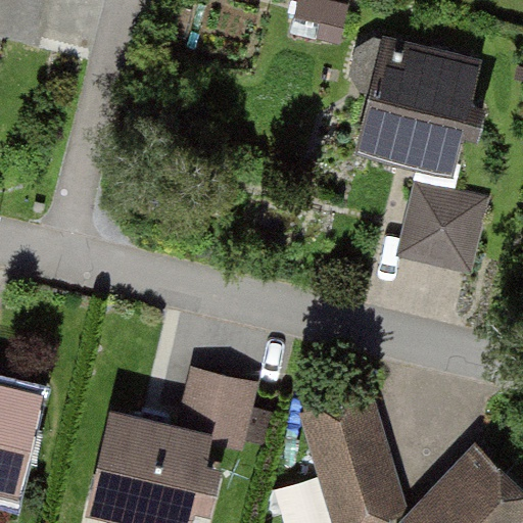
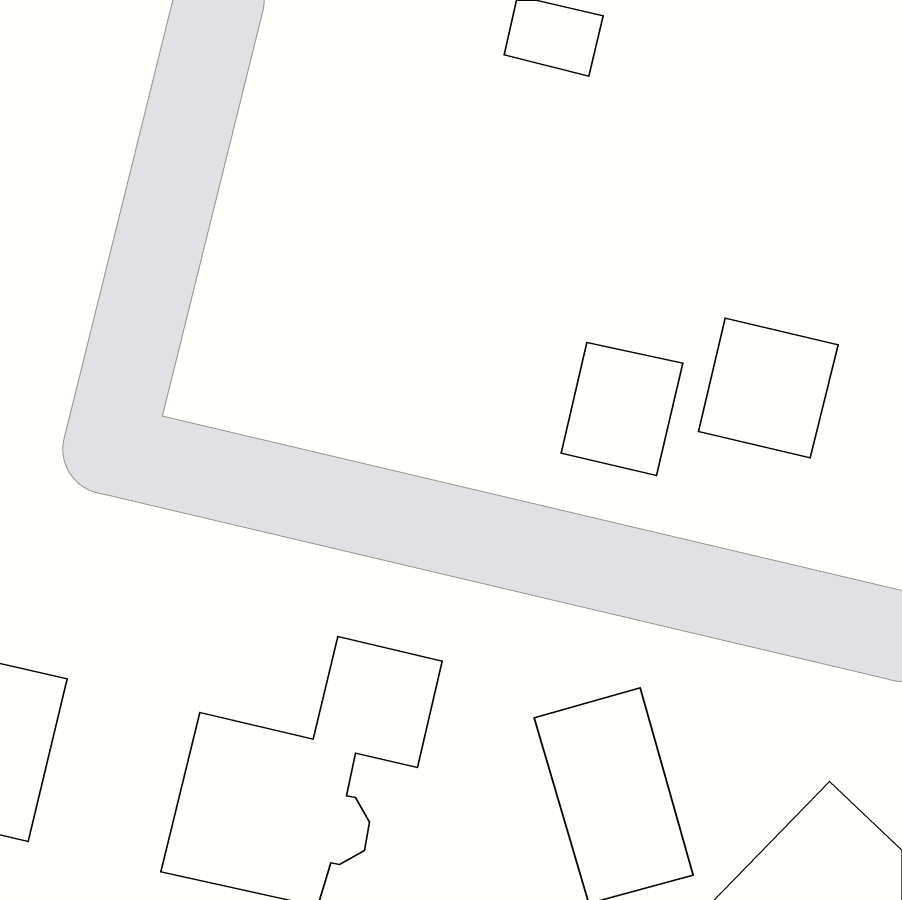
building: [354,38,491,174] -> none
building: none -> [561,342,683,475]

